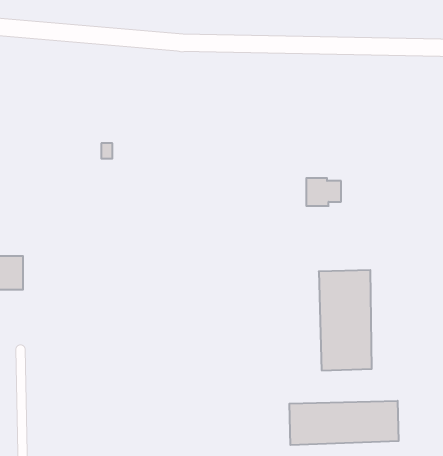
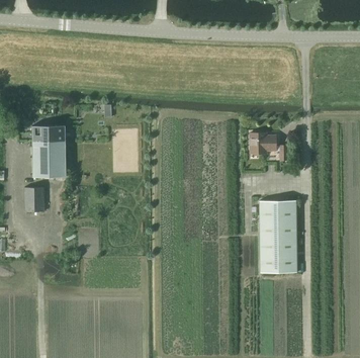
building: none -> [32,126,67,178]
building: [289,401,399,445] -> none

